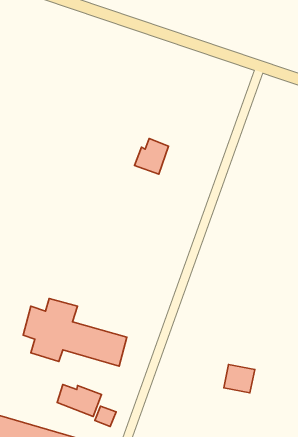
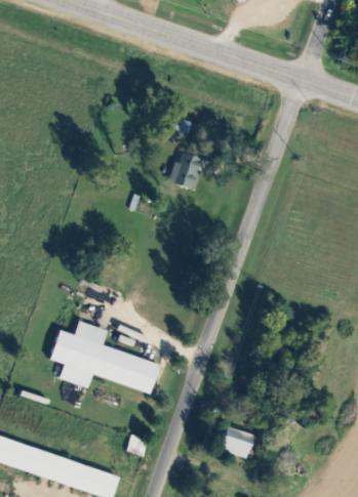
building: [224,365,255,393] -> [222,427,254,457]
building: [57,384,101,416] -> none

